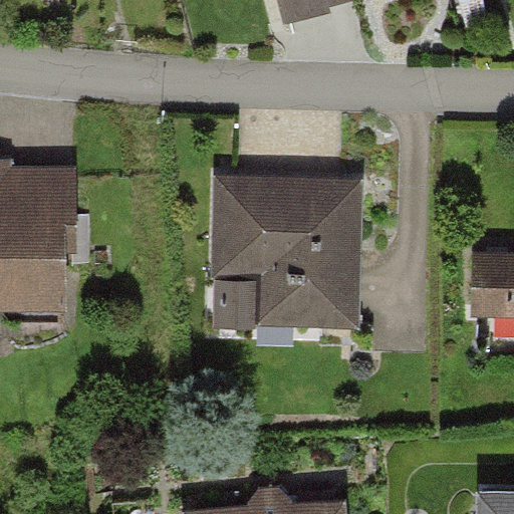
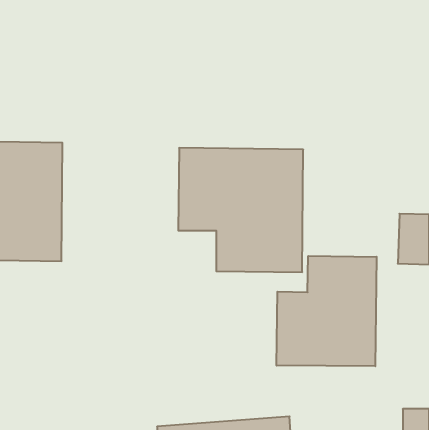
building: none -> [277,256,377,366]

